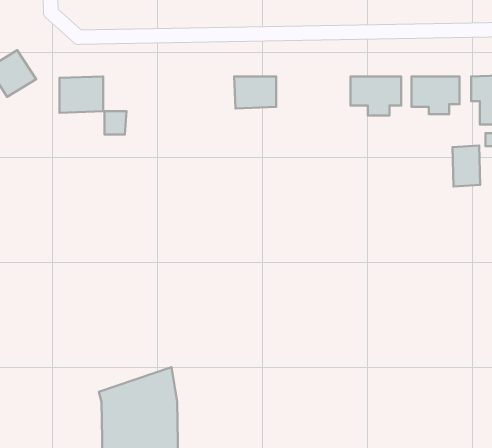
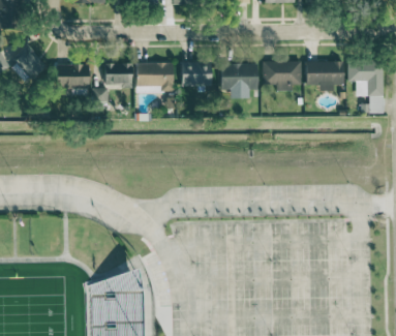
building: none -> [108,63,132,88]
building: none -> [138,63,175,90]
building: none -> [222,63,258,95]
building: [453,145,480,186] -> none

